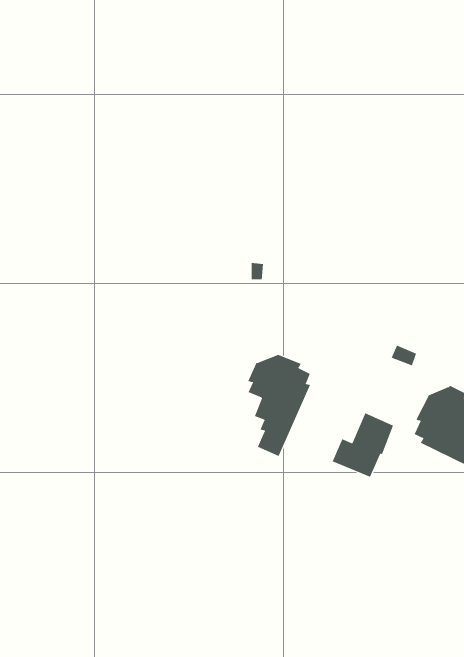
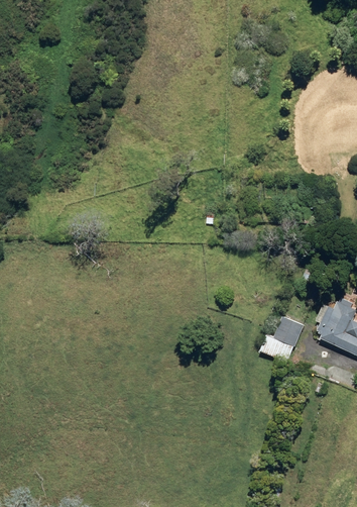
building: [248,354,311,457] -> none

